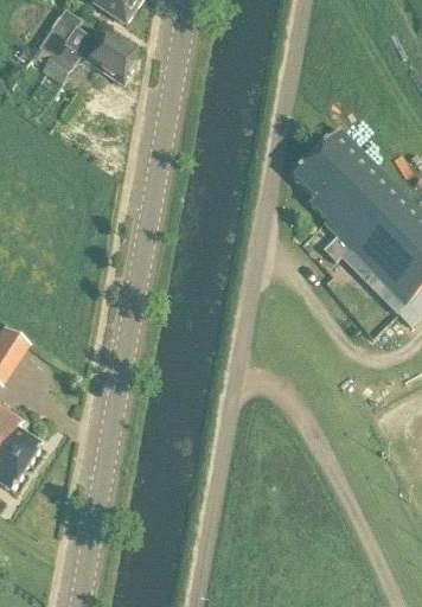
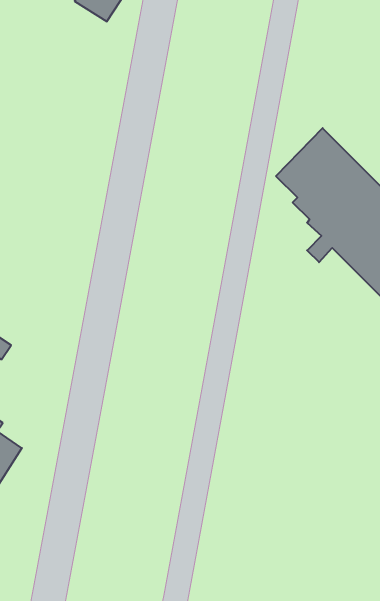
building: [38,8,134,82] -> none

